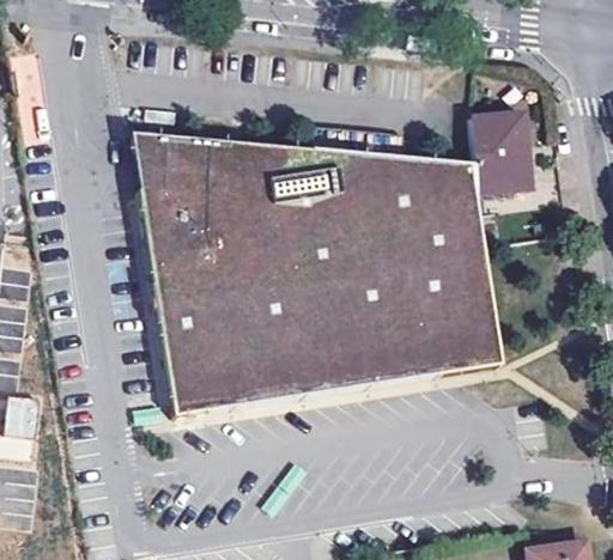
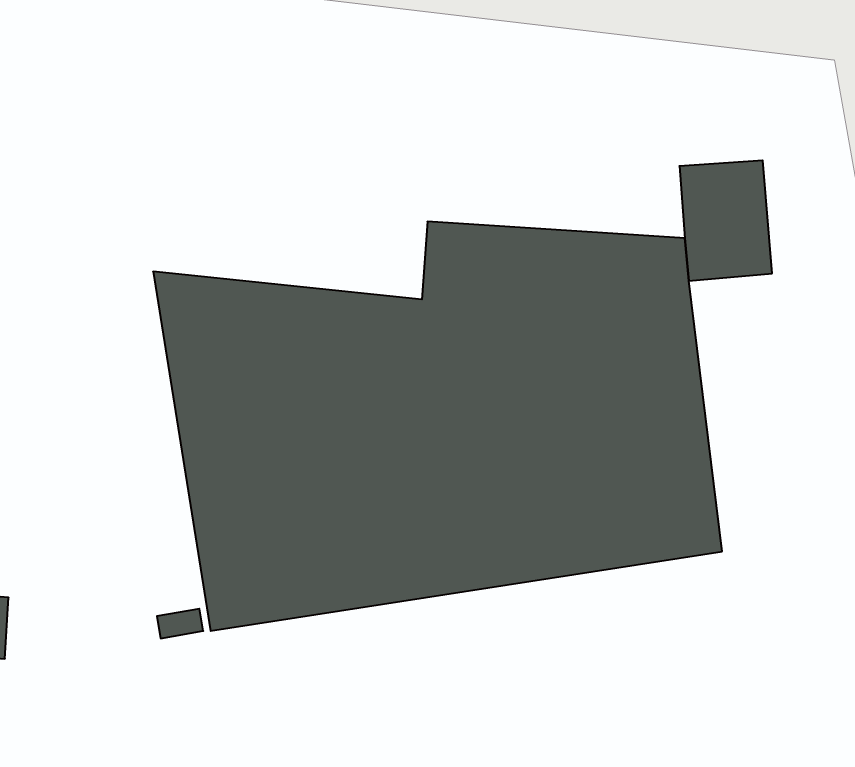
building: [127,132,311,199] -> none

